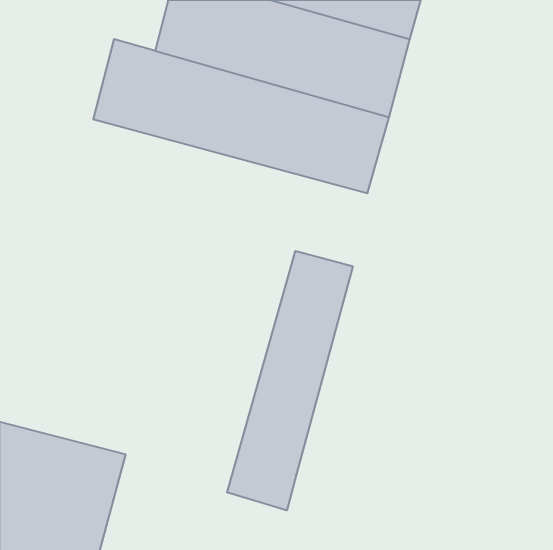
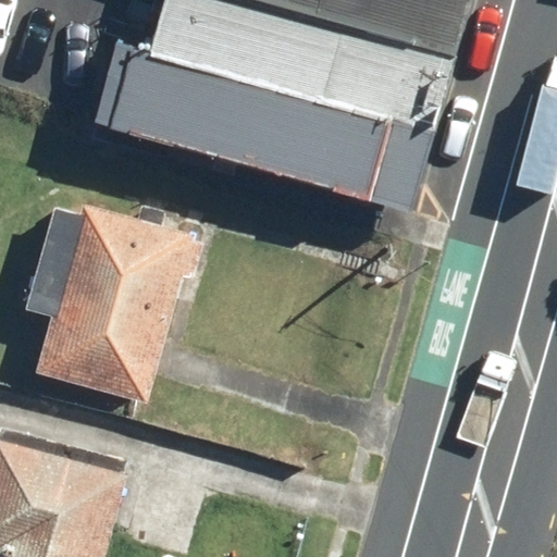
building: none -> [25,205,193,403]
building: [227,251,353,510] -> none

